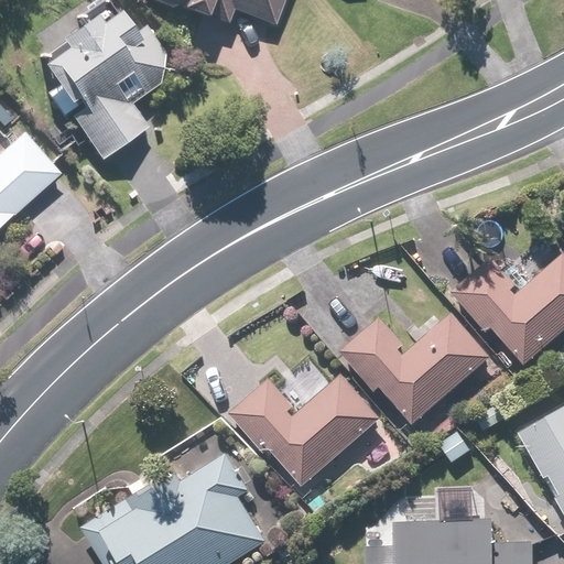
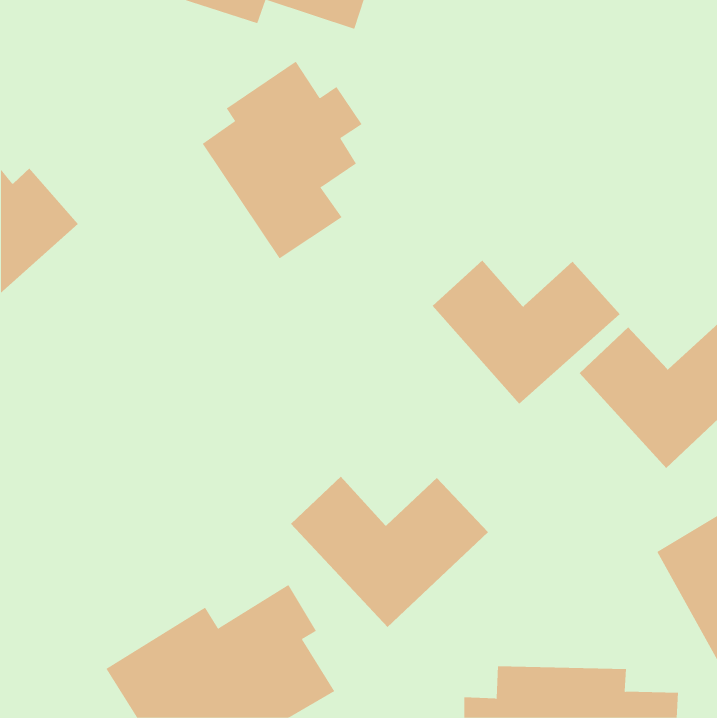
building: [37,6,163,161] -> [202,61,362,259]
building: [340,315,488,429] -> [432,259,620,404]

